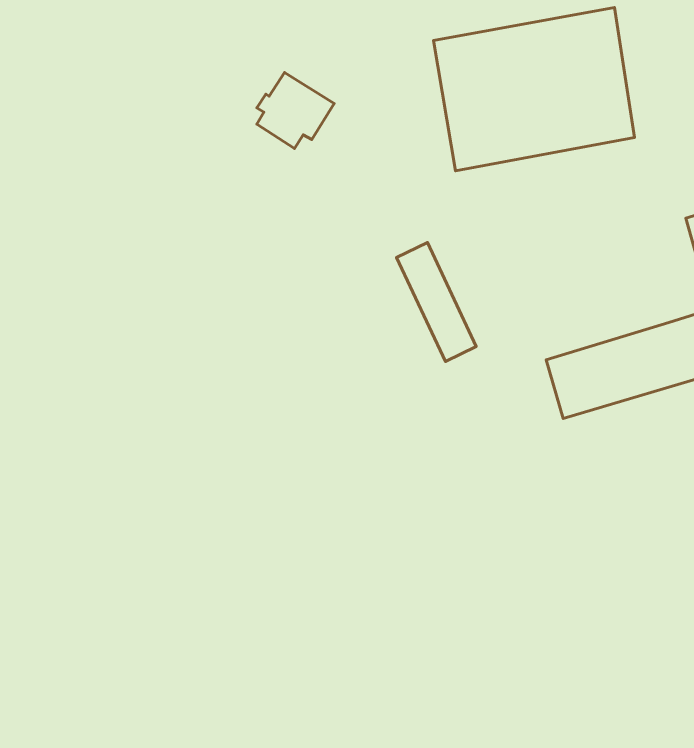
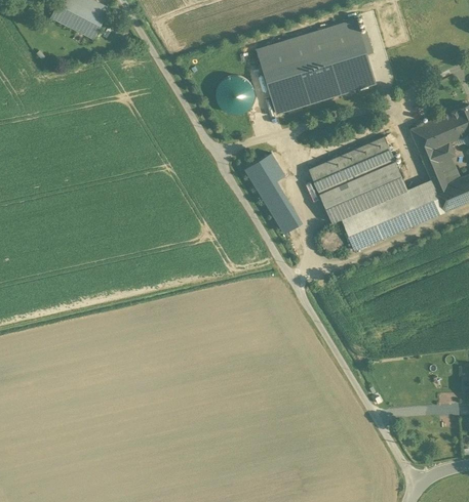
building: [257,72,334,148] -> [213,74,257,116]
building: none -> [308,137,406,222]

